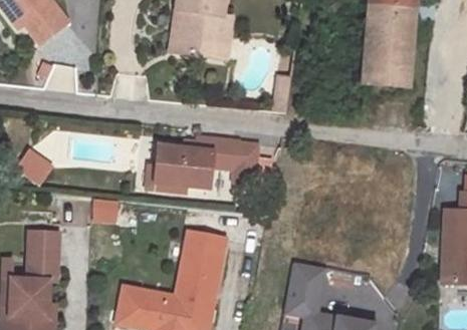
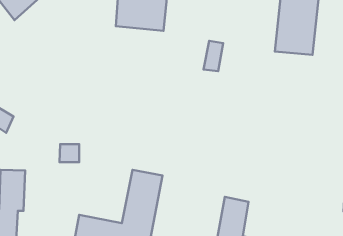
building: [153,139,255,187] -> none

